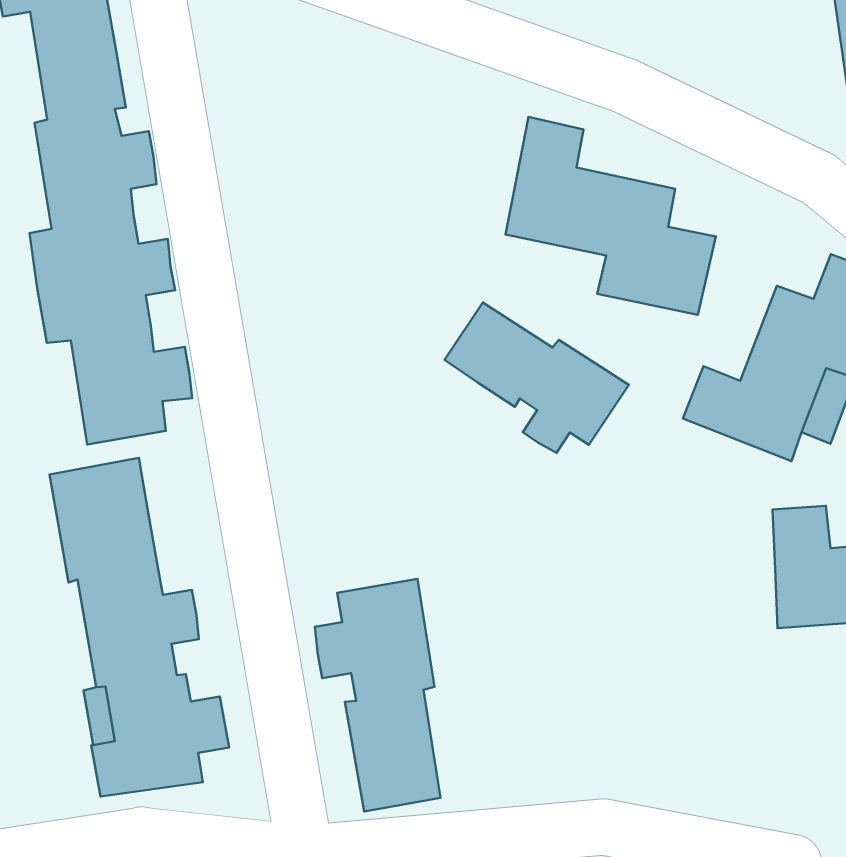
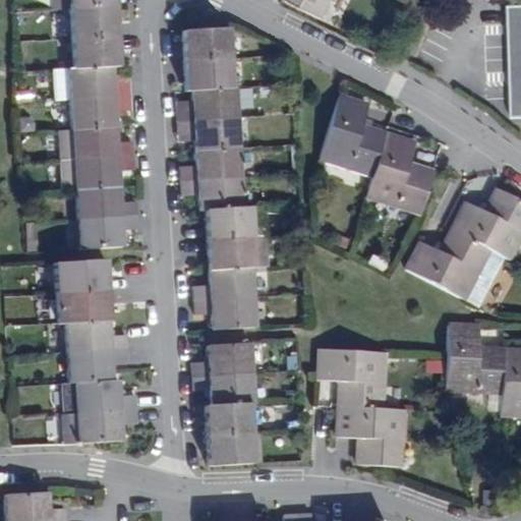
building: none -> [177,26,267,329]
building: [444,302,629,453] -> none
building: none -> [319,348,404,466]

